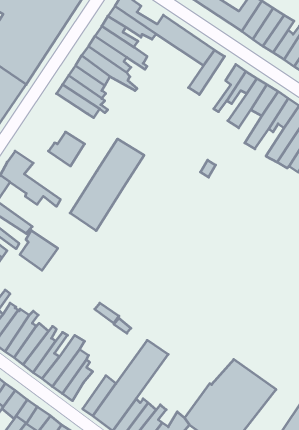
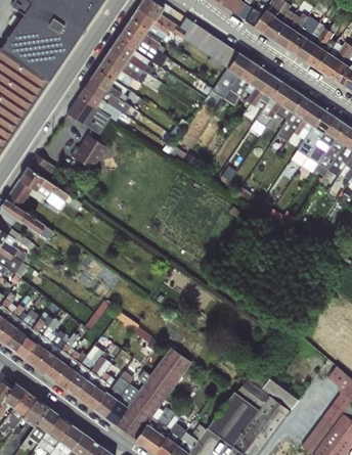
building: none -> [222,59,259,105]
building: none -> [67,97,108,134]
building: [70,139,144,231] -> none
building: [20,230,58,270] -> none
building: none -> [93,377,127,417]

